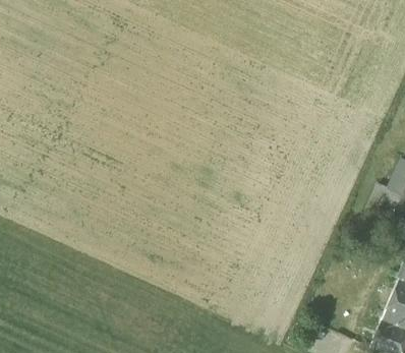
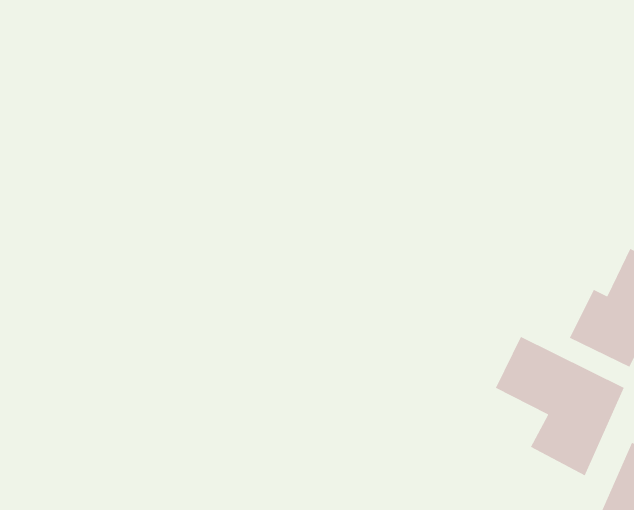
building: none -> [495,336,625,476]

